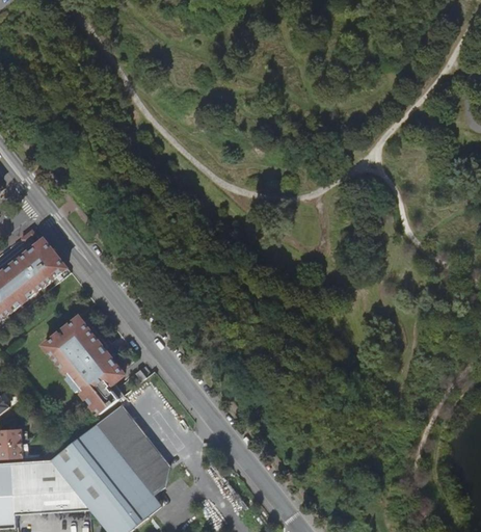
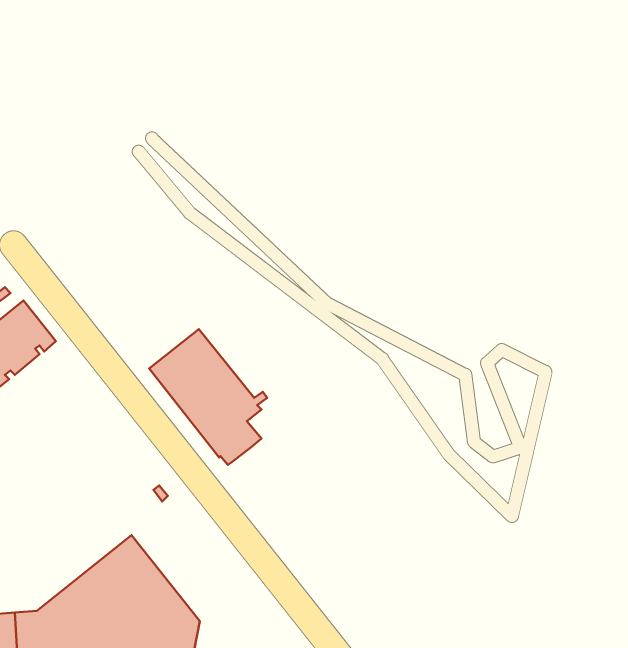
building: [43,317,127,414] -> [149,329,267,465]

